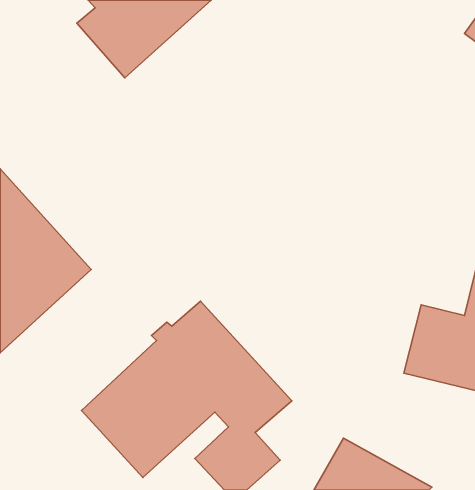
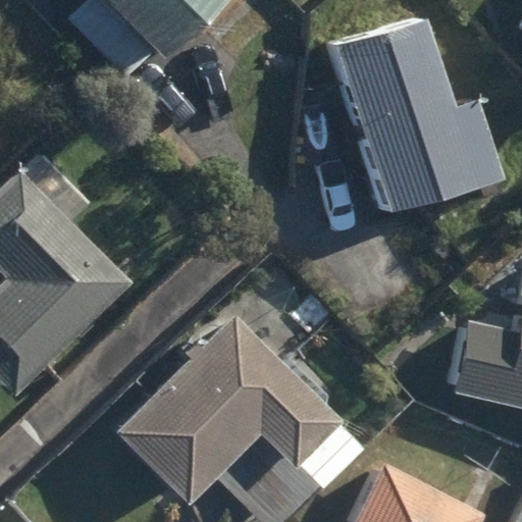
building: none -> [353,17,513,208]

